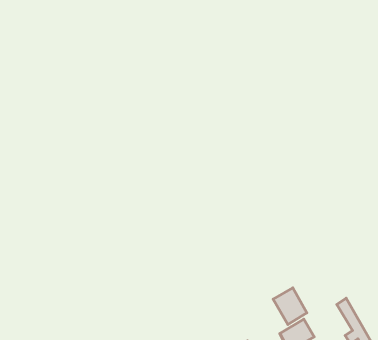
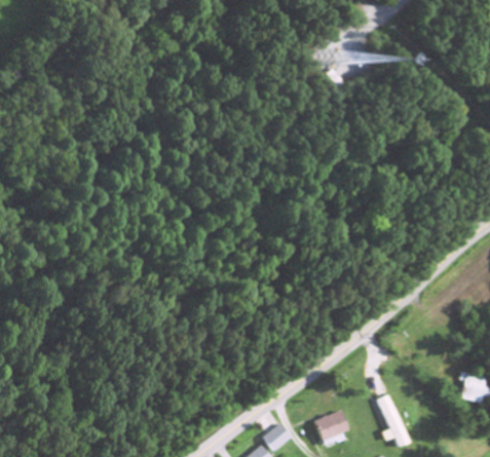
building: [273,288,307,325] -> none

